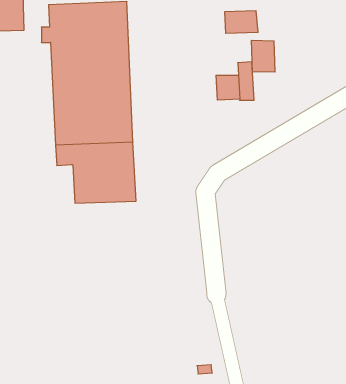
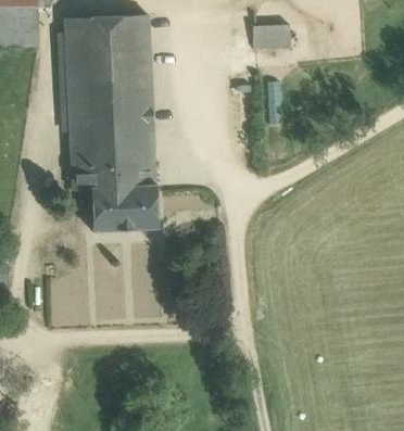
building: [251,40,275,72] -> none
building: [216,75,240,100] -> none

